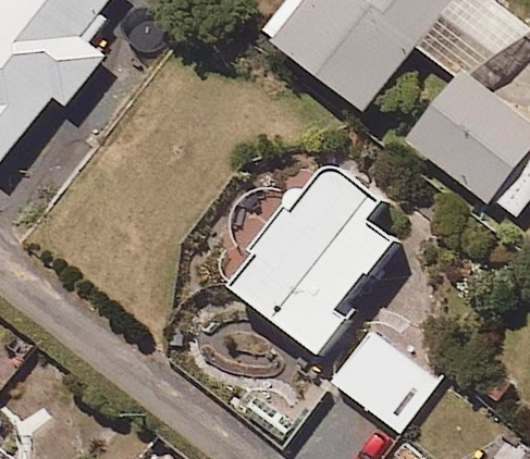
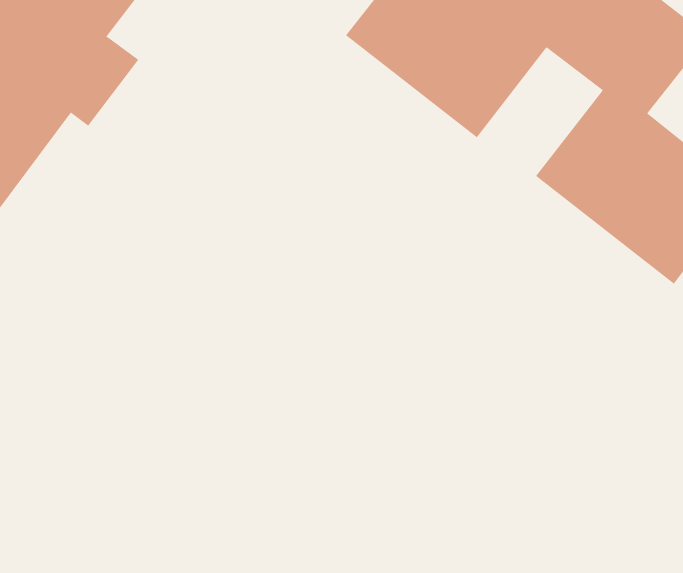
building: [229,160,391,356] -> none
building: [331,330,436,431] -> none

